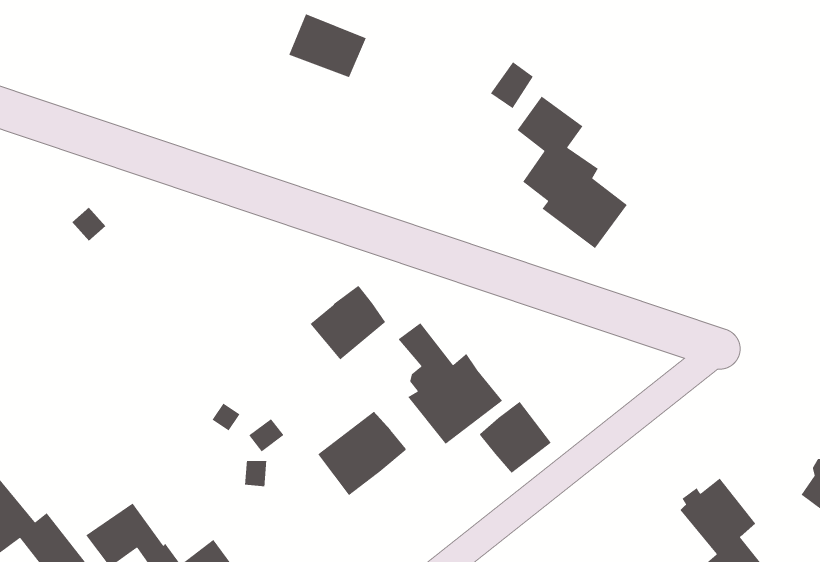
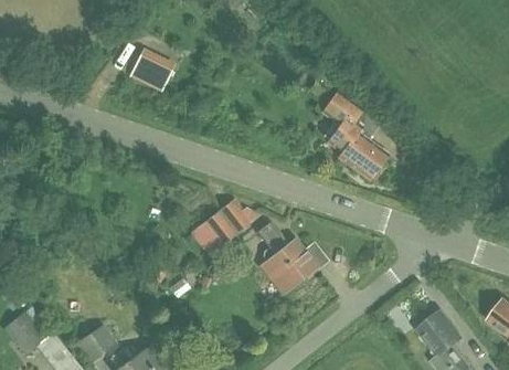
building: [288,13,367,78] -> [132,47,178,85]
building: [479,401,552,474] -> none
building: [317,411,407,496] -> none

